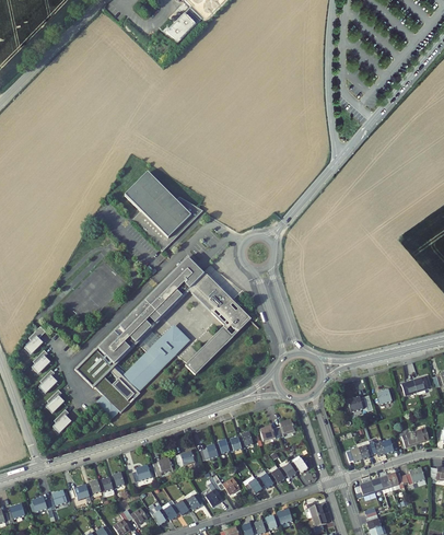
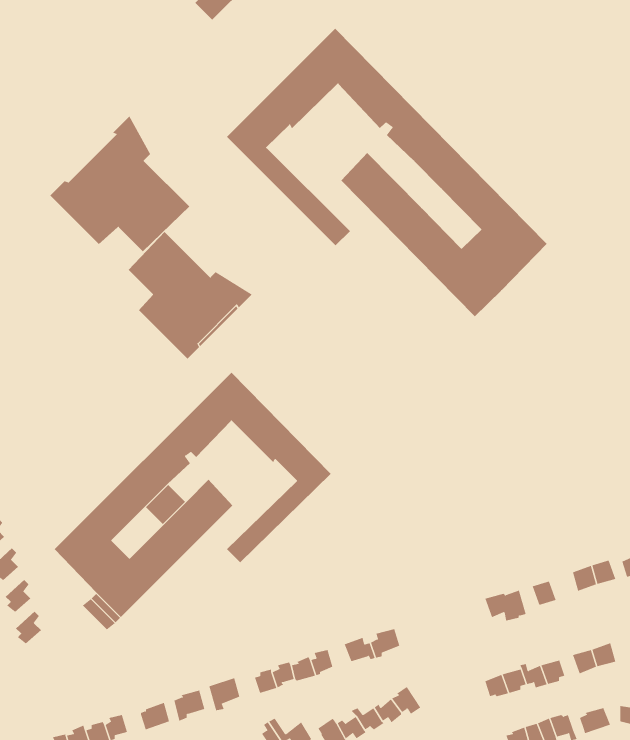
building: none -> [226,28,548,317]
building: none -> [50,116,190,252]

